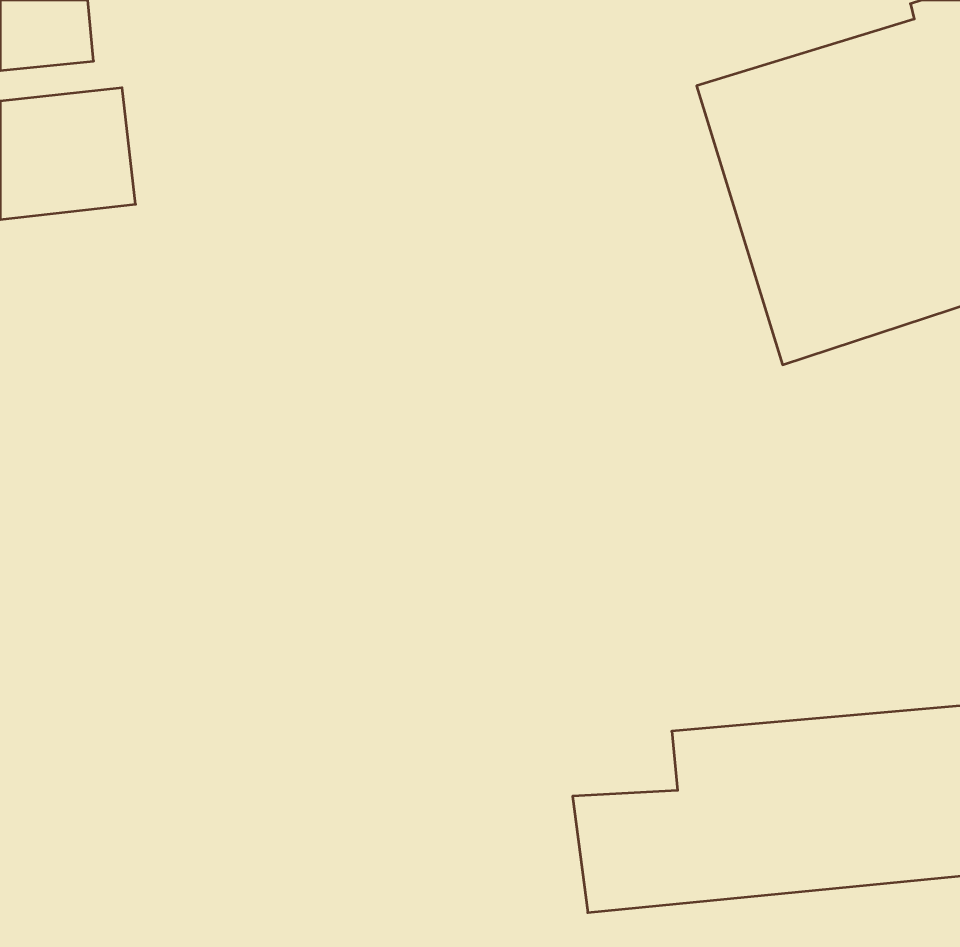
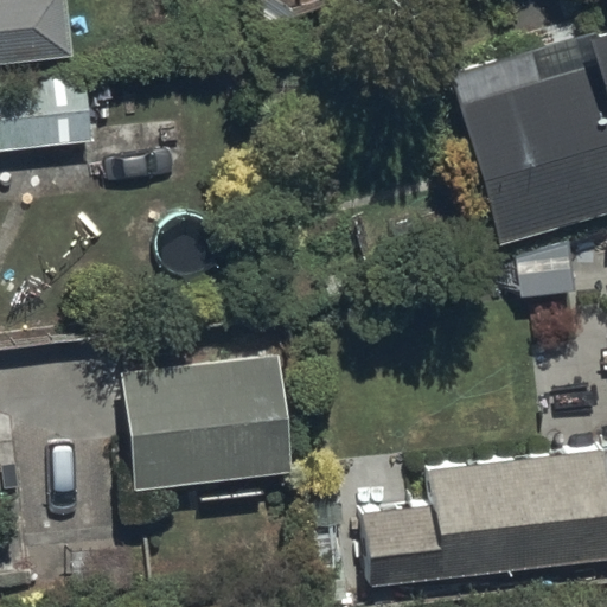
building: none -> [123,351,296,490]

